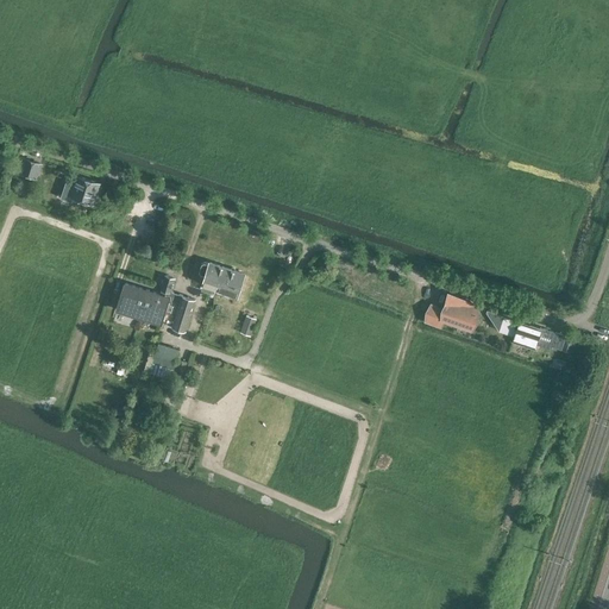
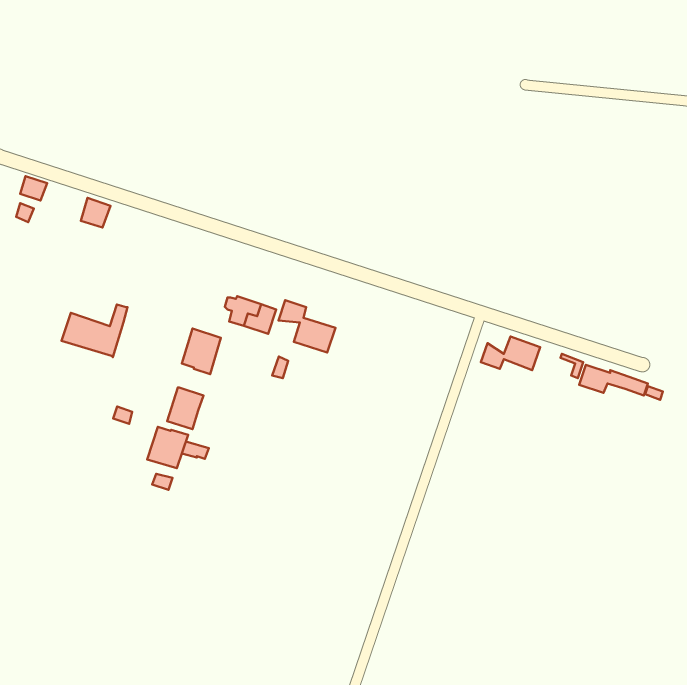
building: none -> [278,300,336,353]
building: [115,277,174,324] -> [62,305,128,357]
building: none -> [147,427,188,468]

